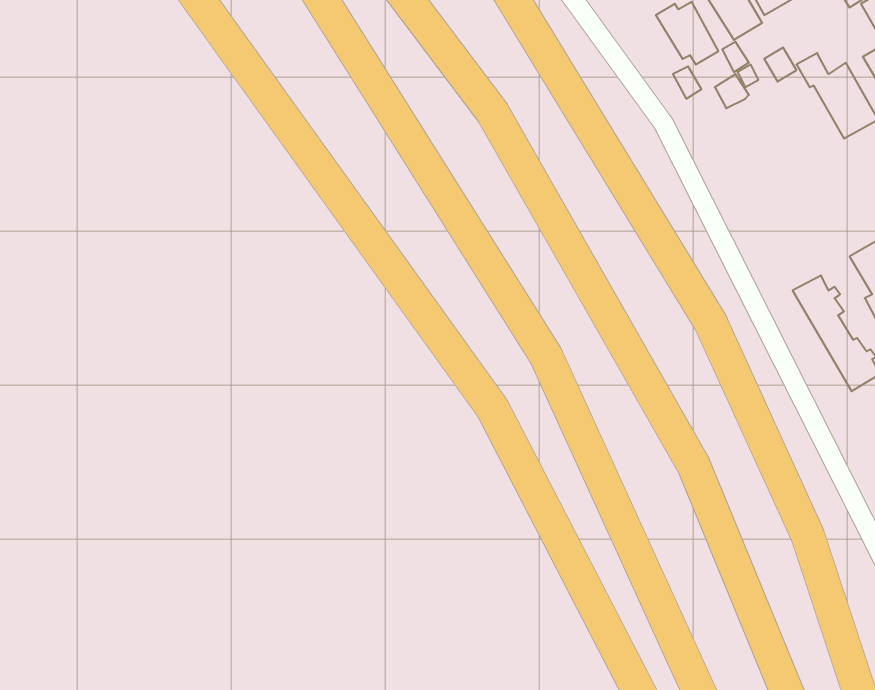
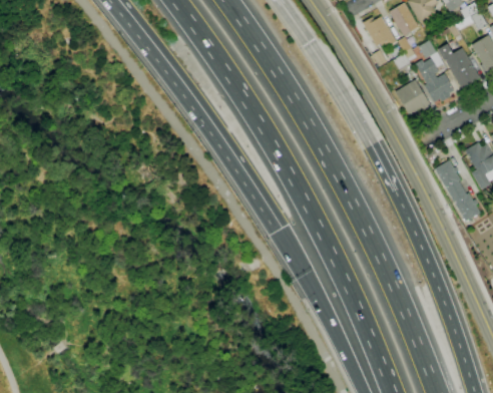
building: none -> [415,57,454,102]
building: none -> [396,79,431,115]

